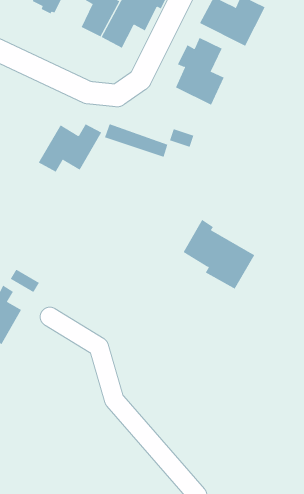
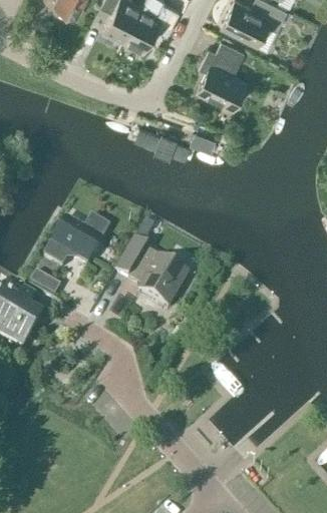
building: [38,123,102,172] -> [43,217,107,267]
building: [183,219,255,289] -> [114,238,187,309]

